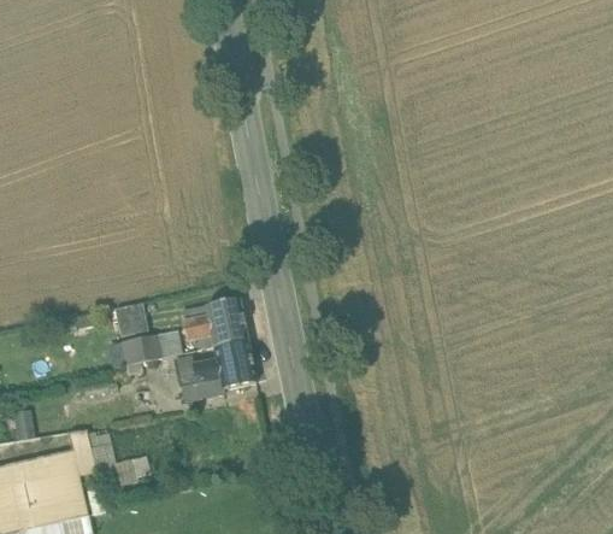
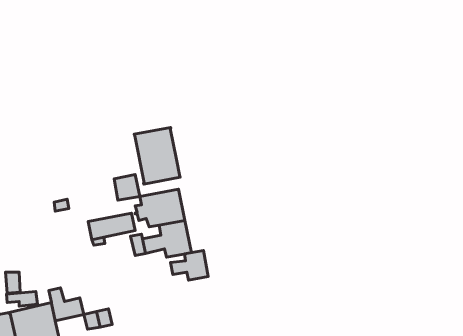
building: none -> [134,127,180,184]
building: [113,303,147,336] -> [114,174,140,200]
building: none -> [171,250,208,280]

